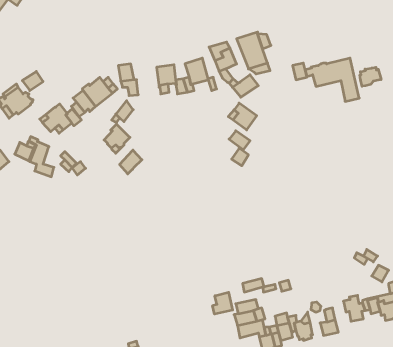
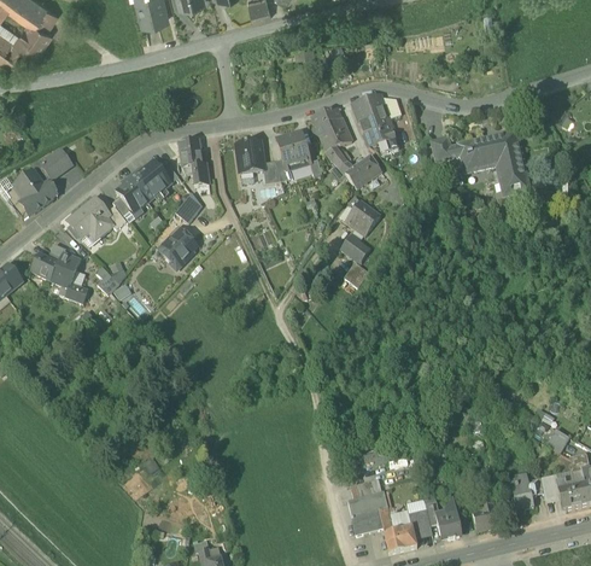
building: [360,67,381,86] -> none
building: [120,150,142,174] -> none
building: [213,292,233,314] -> none

